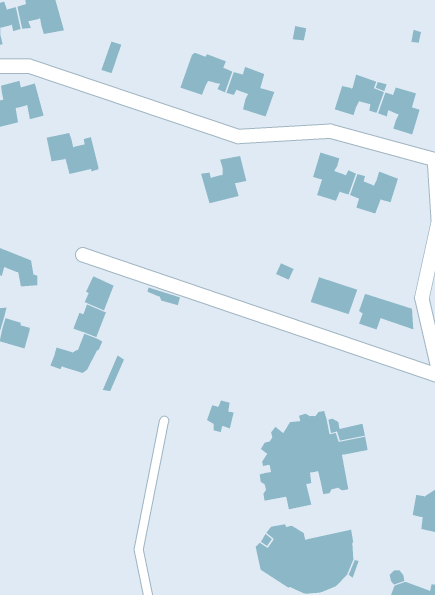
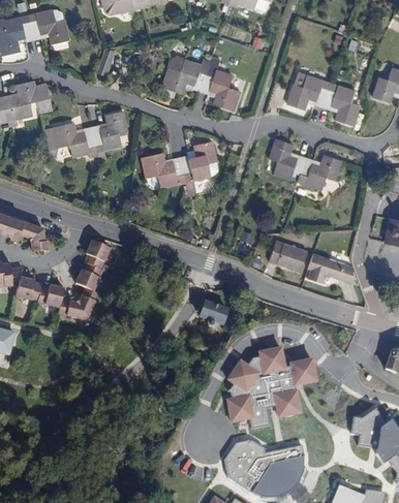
building: none -> [91,112,127,151]
building: none -> [142,153,186,187]
building: none -> [37,283,64,304]
building: [206,400,234,433] -> [204,297,226,324]

